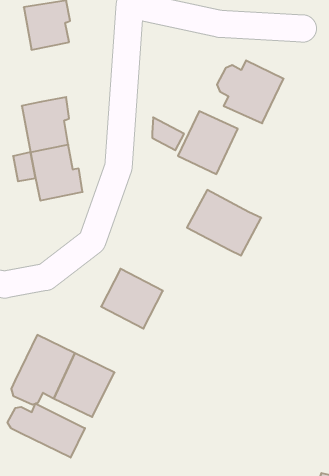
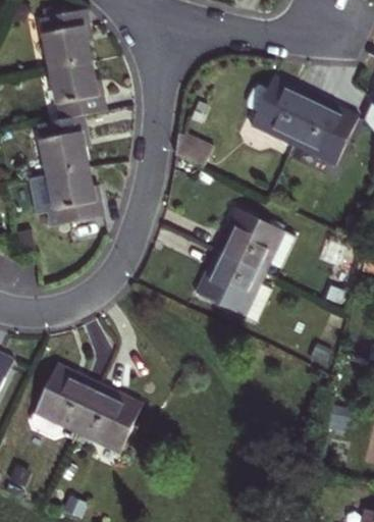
building: none -> [53,54,108,117]
building: [178,111,238,174] -> [297,93,360,159]
building: [101,269,163,329] -> [197,250,262,313]
building: [8,403,85,458] -> none

